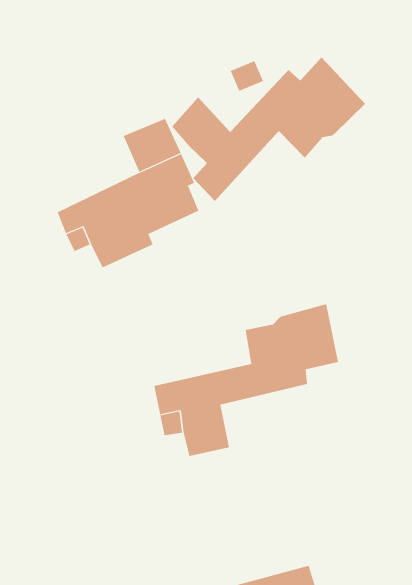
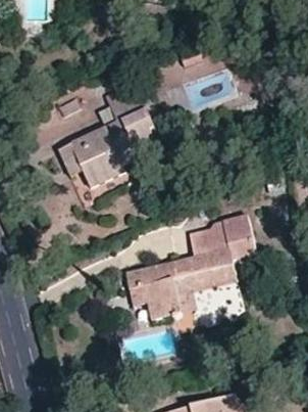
building: [172,57,366,202] -> none
building: none -> [173,269,236,313]

